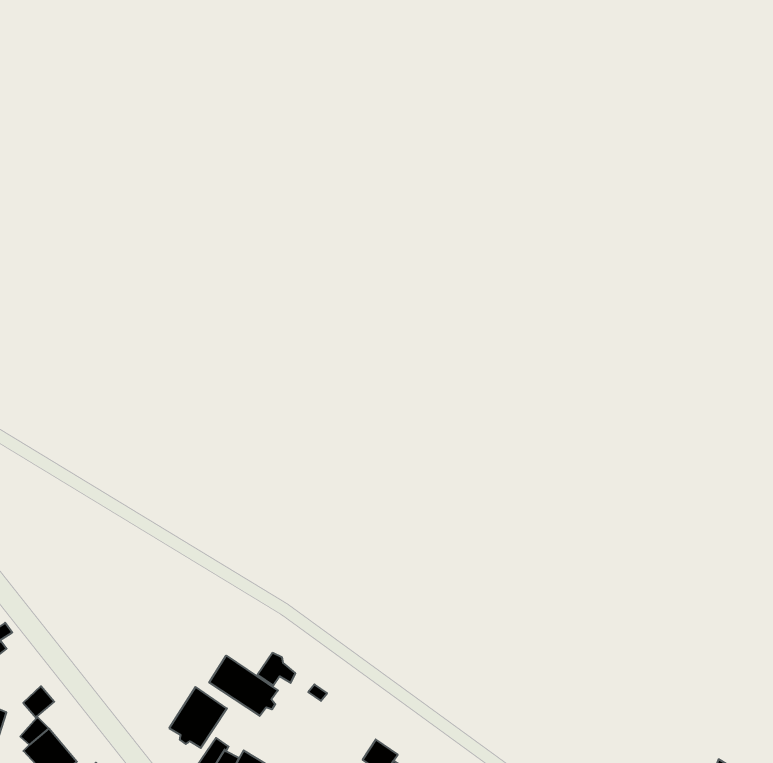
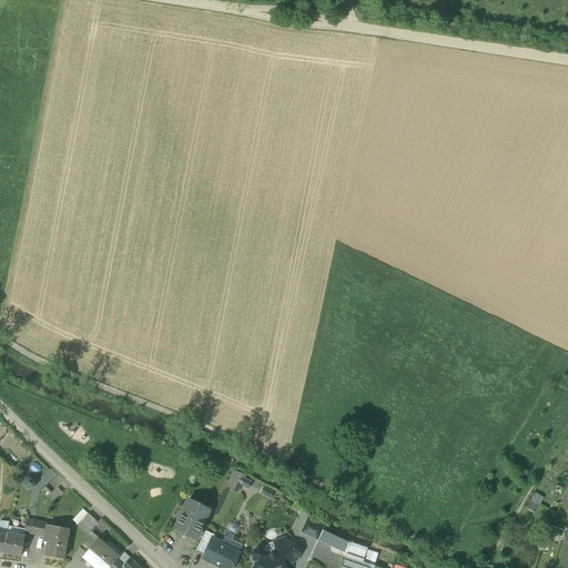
building: [209,656,278,716] -> none

